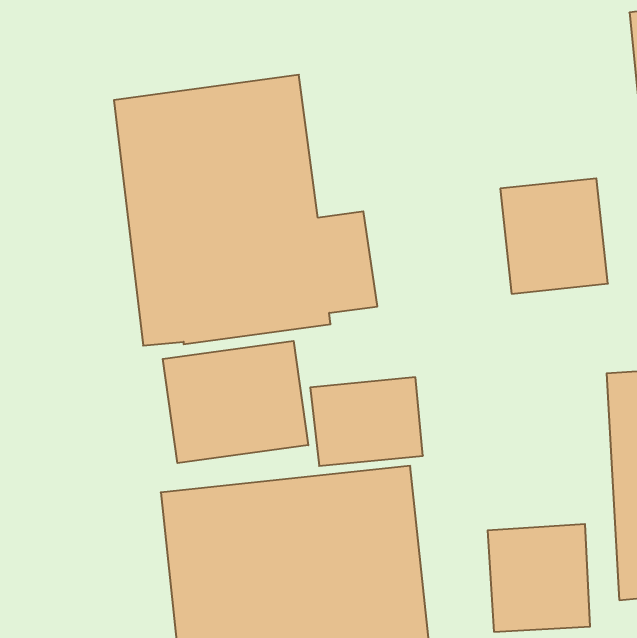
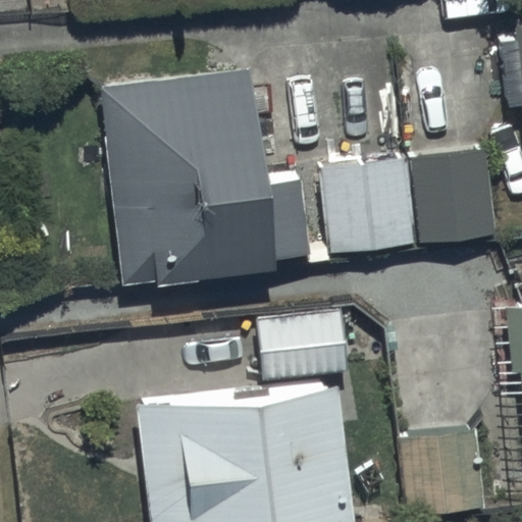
building: none -> [321,159,420,253]
building: [163,341,308,463] -> none

